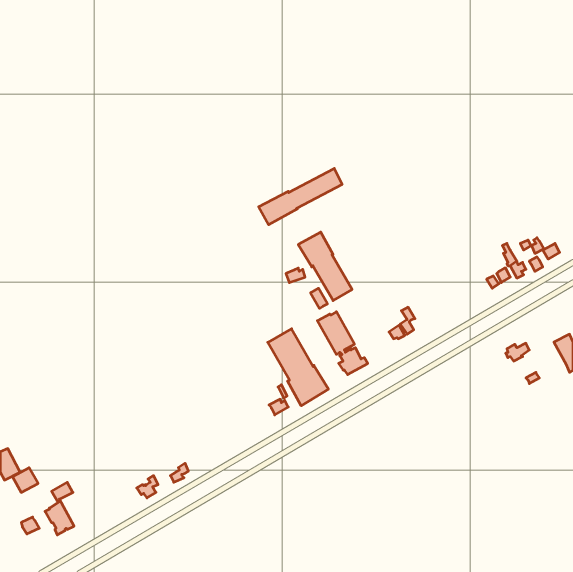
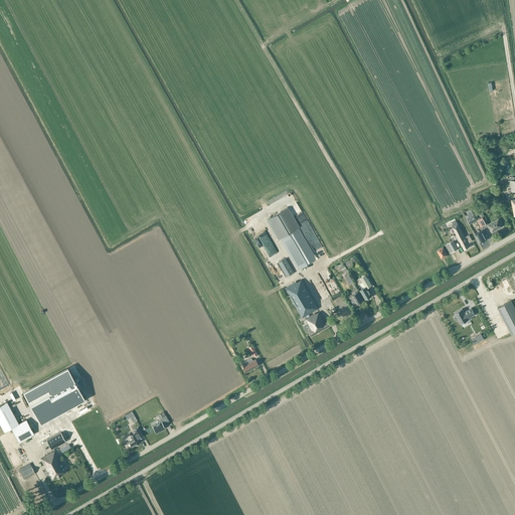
building: [259,168,342,225] -> none
building: [268,329,328,406] -> none
building: none -> [23,369,84,423]

